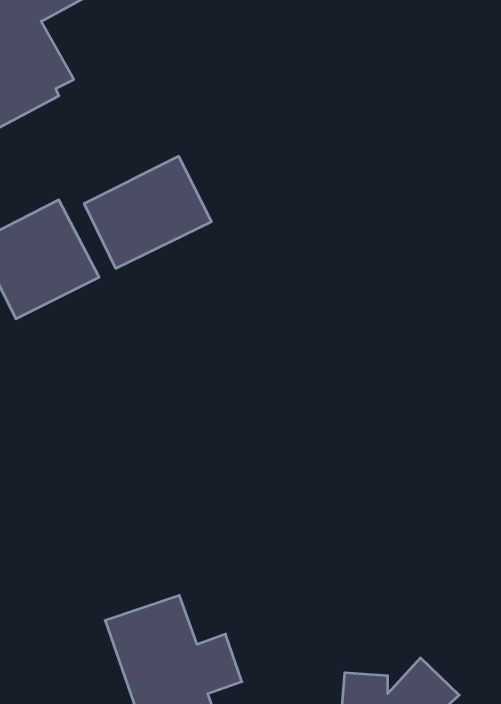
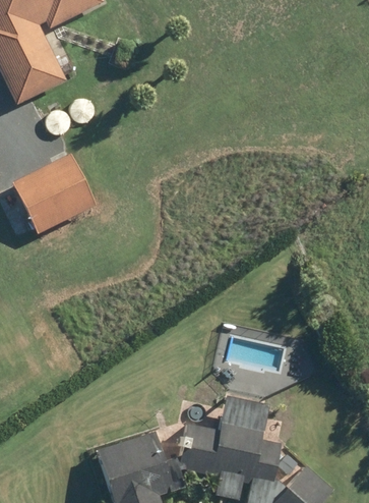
building: [84,156,211,268] -> none
building: none -> [183,395,283,490]

